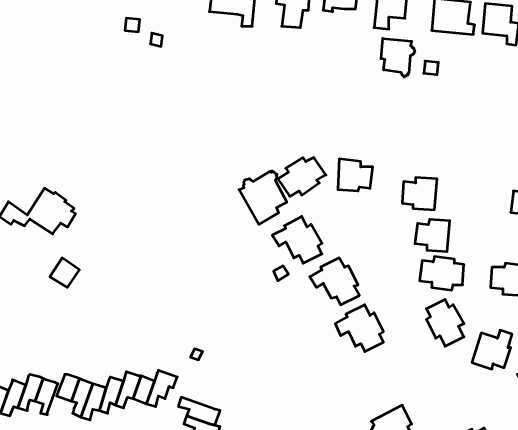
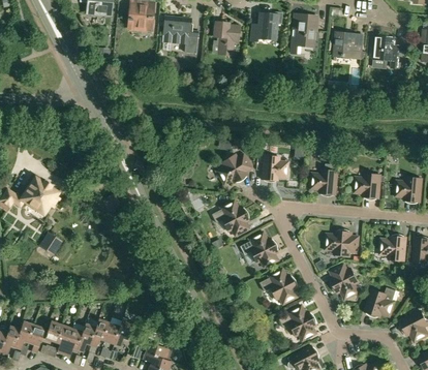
building: [381,38,415,77] -> none
building: [239,171,287,224] -> none
building: [415,219,450,252] -> [354,174,380,198]
building: none -> [278,305,316,341]

